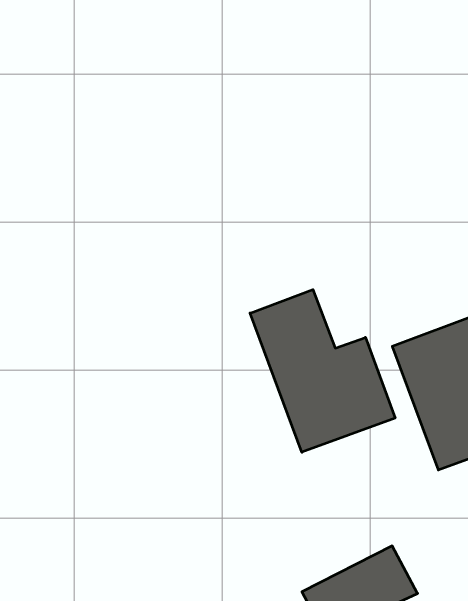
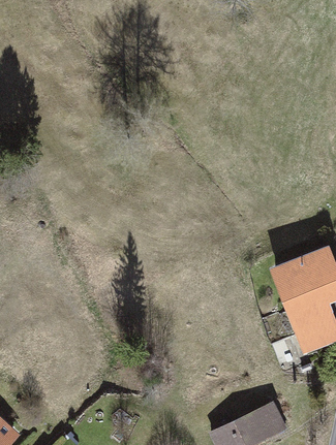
building: [250,290,395,452] -> none

